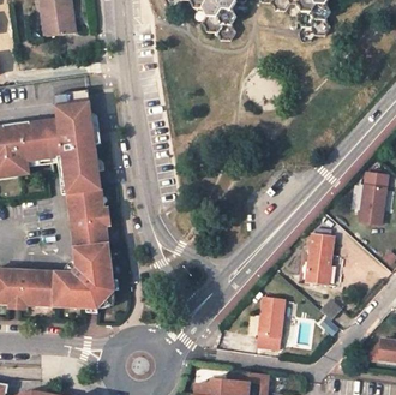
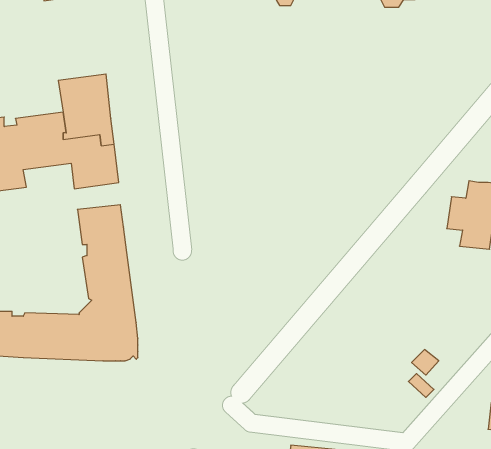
building: [67,173,102,193] -> none
building: [305,233,332,285] -> none
building: [257,298,283,349] -> none

